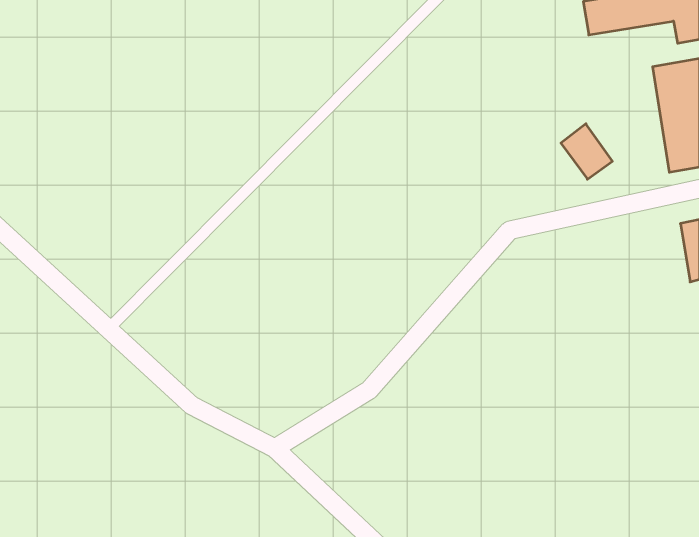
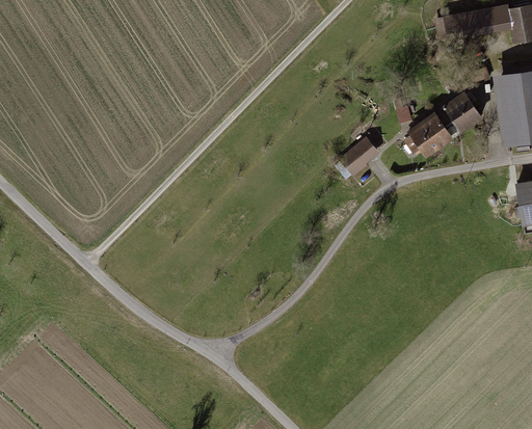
building: none -> [446,92,484,134]
building: none -> [408,120,447,161]
building: none -> [338,137,378,176]

